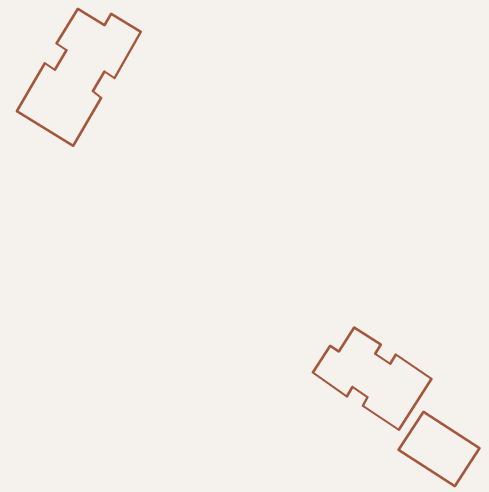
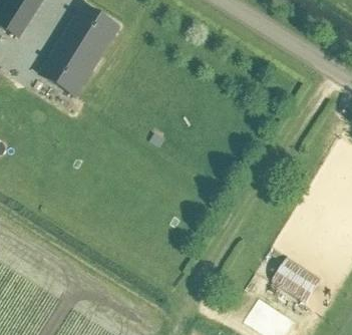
building: [313,327,432,430] -> none

